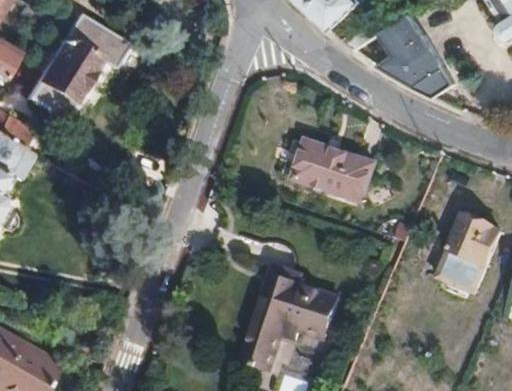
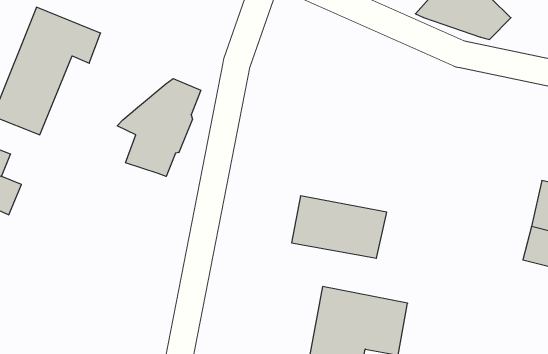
building: none -> [117,79,201,176]
building: [294,140,375,200] -> [292,196,387,258]

